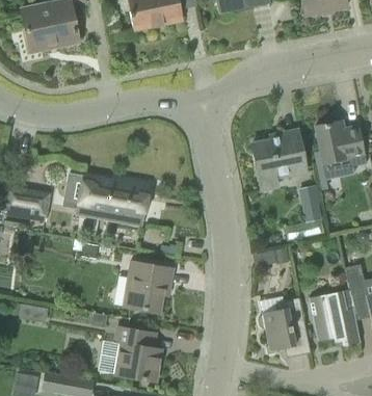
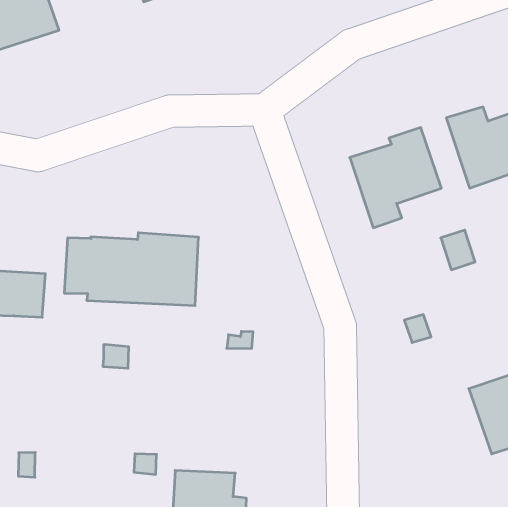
building: [127,261,172,313] -> none
building: [258,297,310,358] -> none

